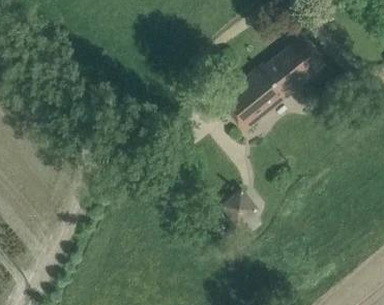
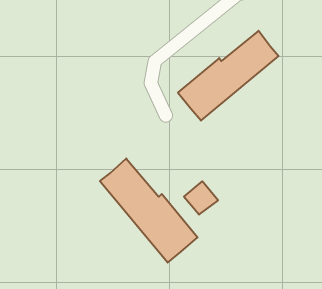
building: none -> [100,158,198,263]

